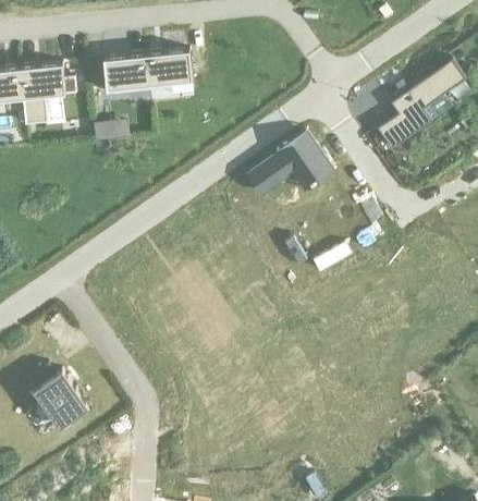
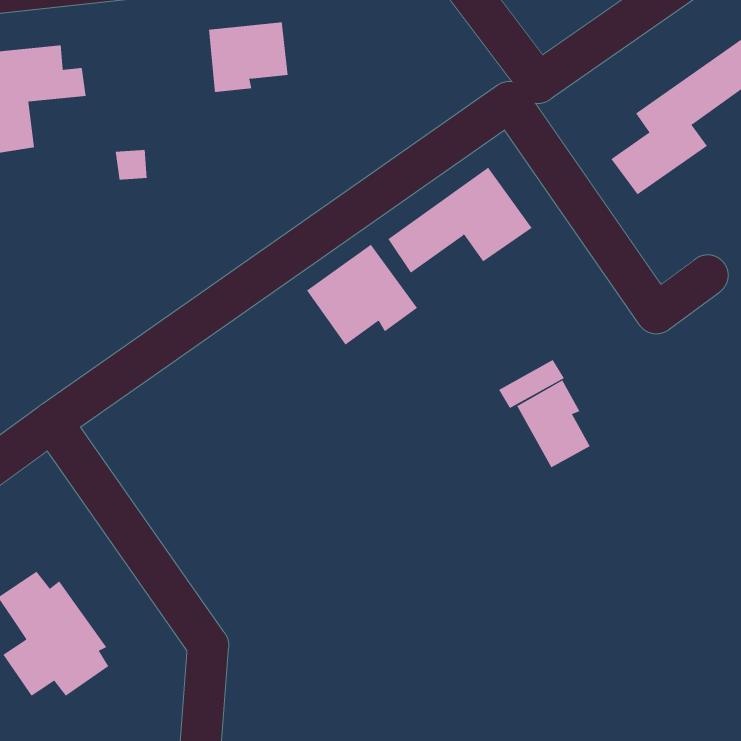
building: [102,54,149,95] -> none
building: none -> [306,244,418,345]
building: none -> [517,380,591,468]

